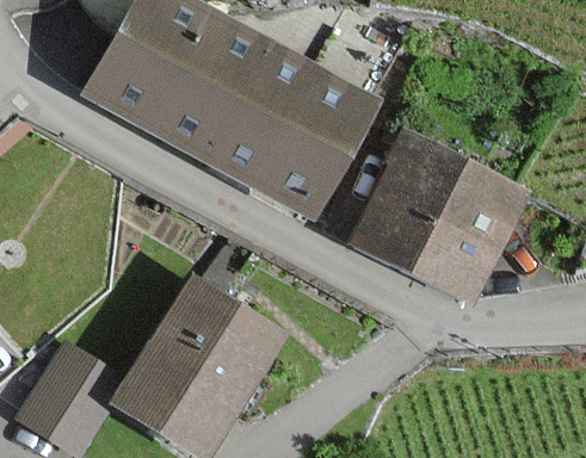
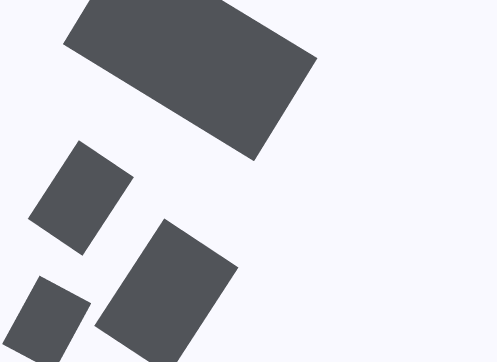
building: [351,132,520,296] -> none
building: none -> [27,139,135,257]

